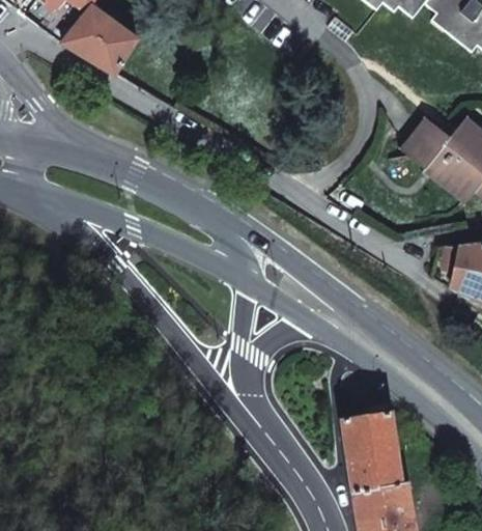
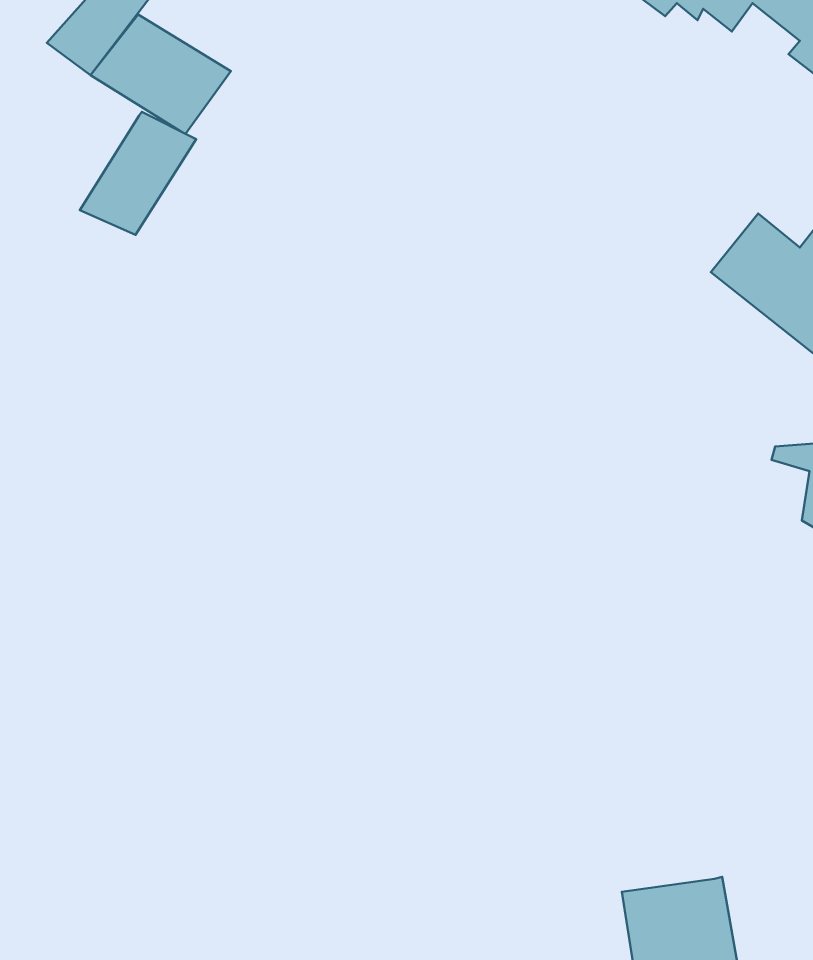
building: none -> [80,112,196,235]
building: [342,411,403,490] -> none

